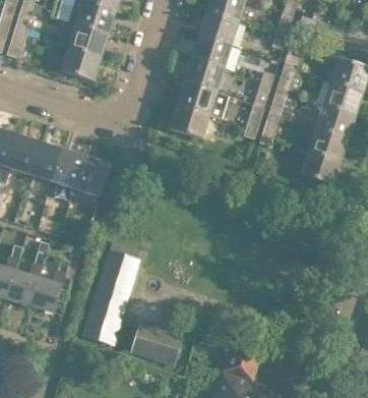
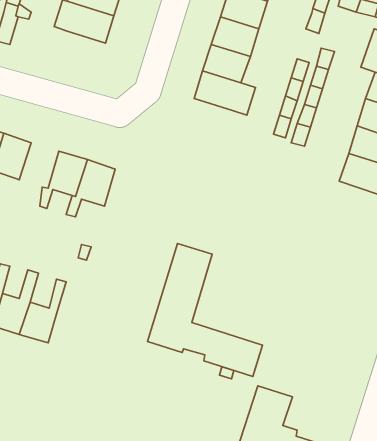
building: [62,47,102,80] -> none
building: [170,104,209,137] -> none
building: [22,141,62,189] -> none
building: [83,250,181,363] -> [147,243,262,376]

